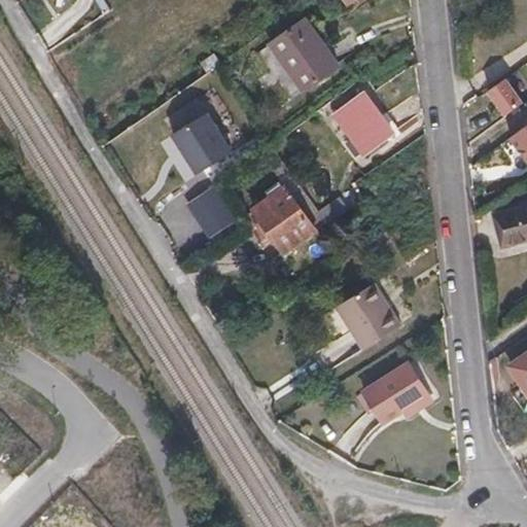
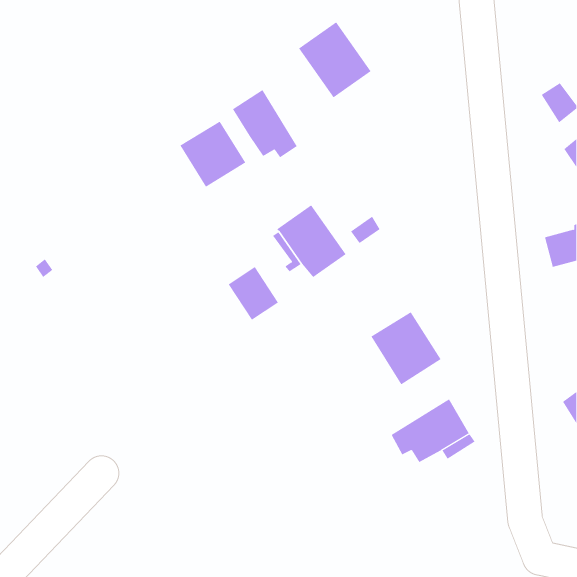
building: none -> [232,89,297,158]
building: [333,95,391,155] -> none
building: [187,188,234,238] -> [228,266,279,321]

